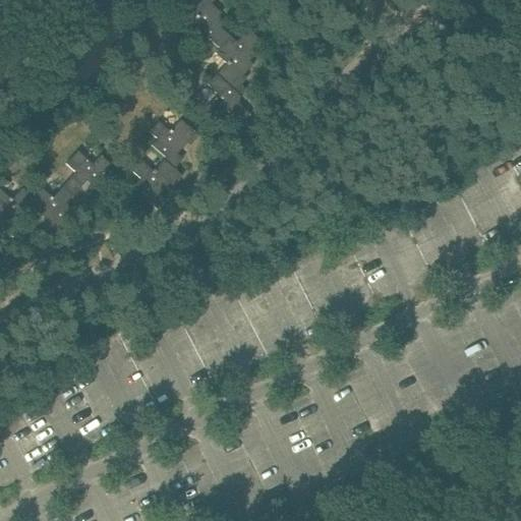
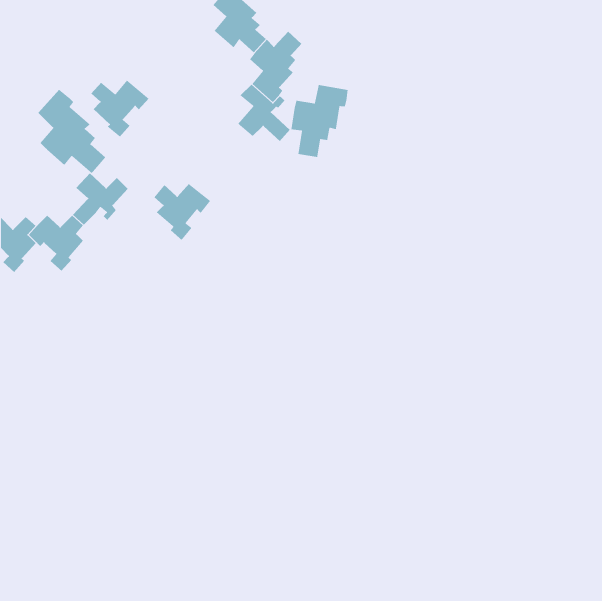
building: none -> [290,84,348,158]
building: none -> [37,89,106,174]
building: [150,117,200,167] -> [90,79,149,137]

